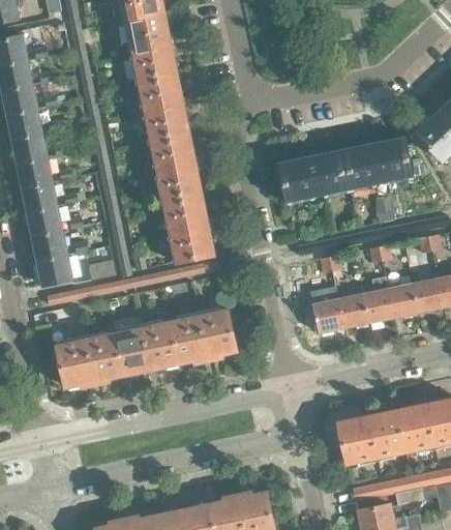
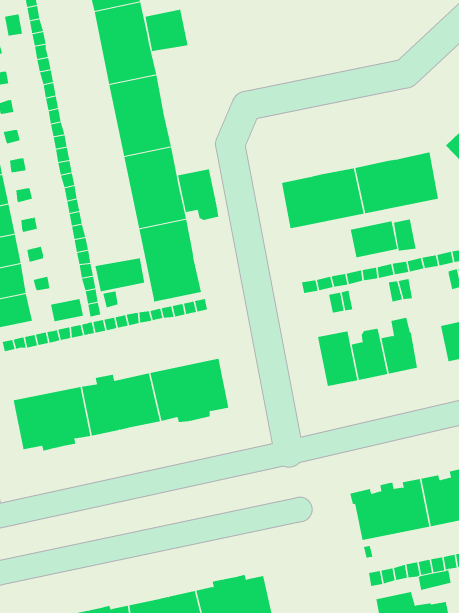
building: none -> [145,9,188,52]
building: none -> [178,168,219,221]
building: none -> [350,221,398,258]
building: none -> [95,257,145,292]
building: [388,284,418,319] -> none

